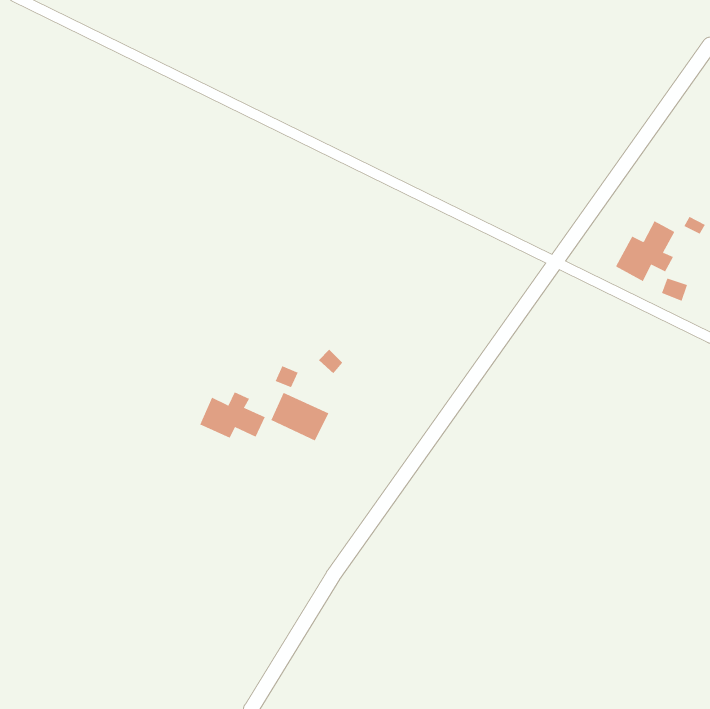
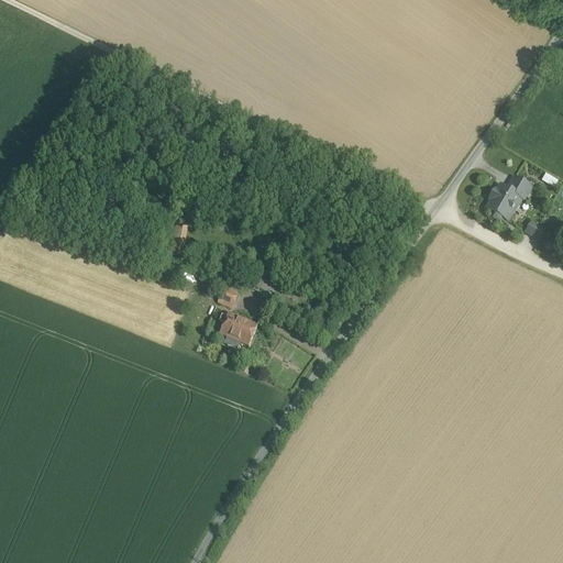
building: [200,392,265,439] -> none

